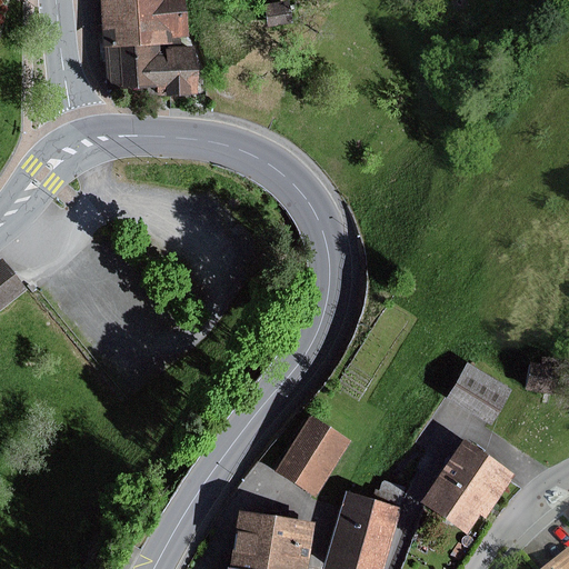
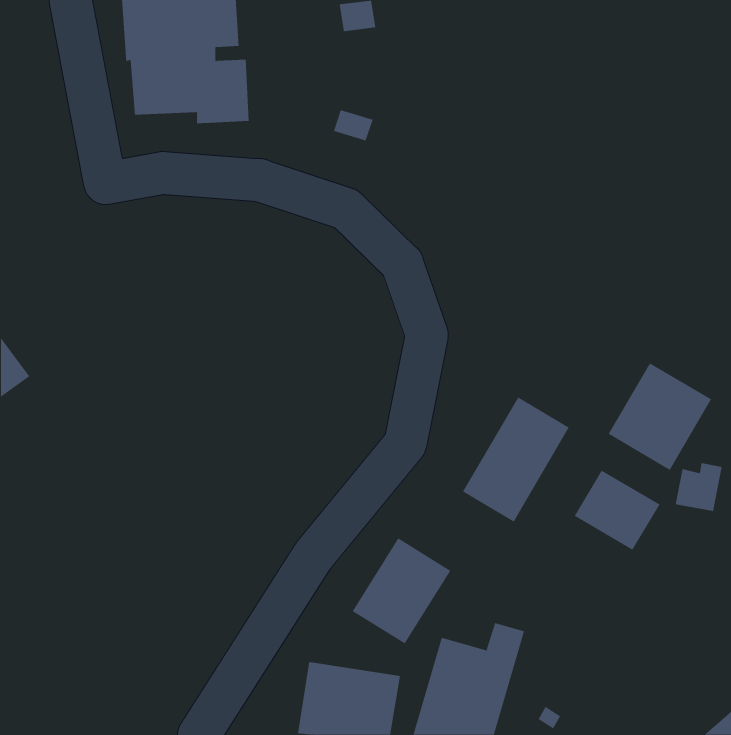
building: none -> [608,362,712,471]
building: none -> [462,397,570,522]
building: [418,438,516,533] -> none

